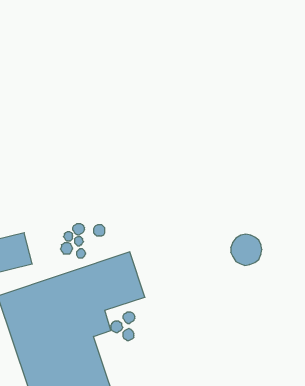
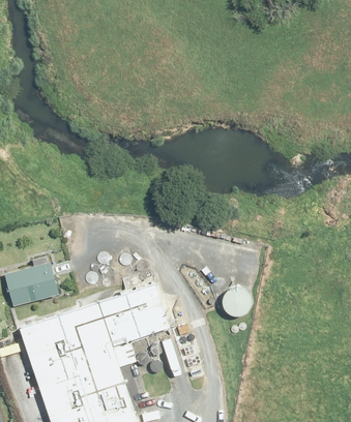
building: [231,234,262,265] -> [220,285,252,318]

